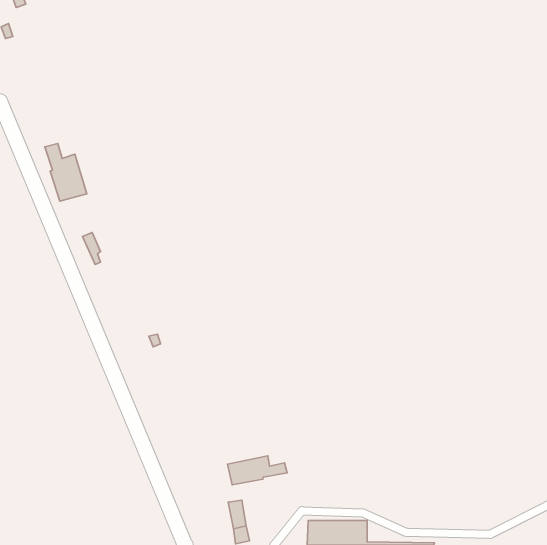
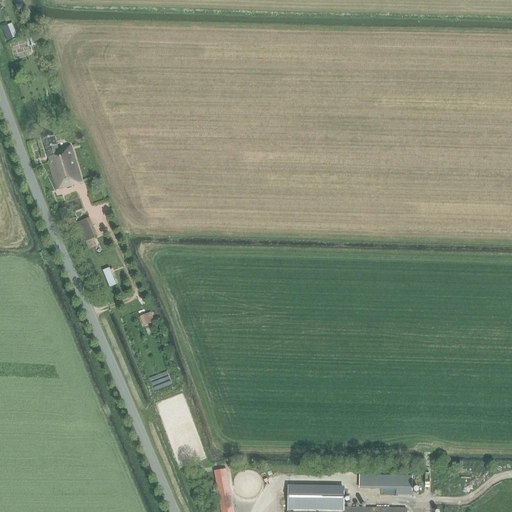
building: [228,456,287,485] -> none
building: none -> [358,474,412,494]

